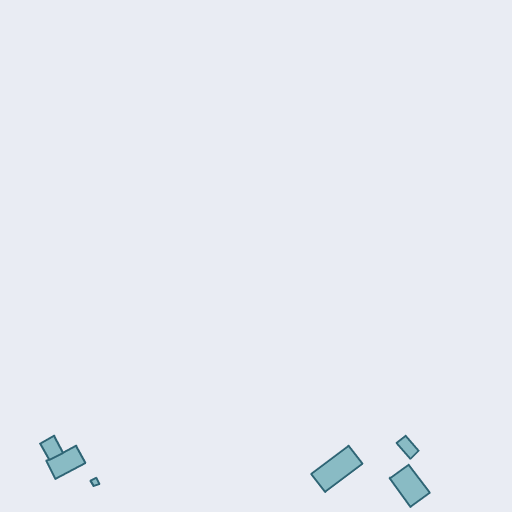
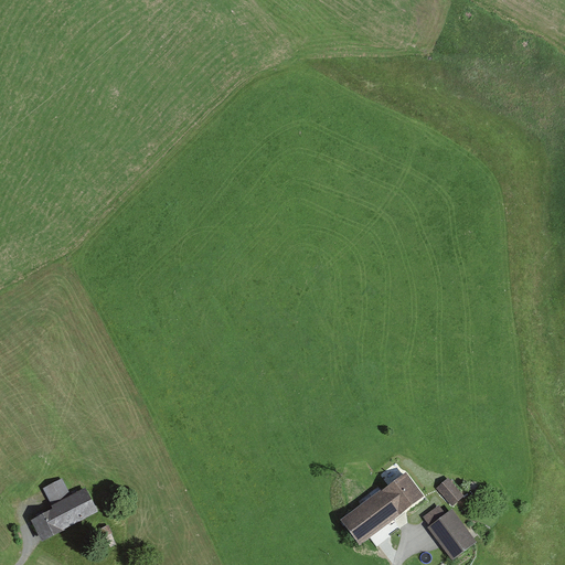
building: none -> [384,475,419,510]
building: none -> [31,509,62,537]

